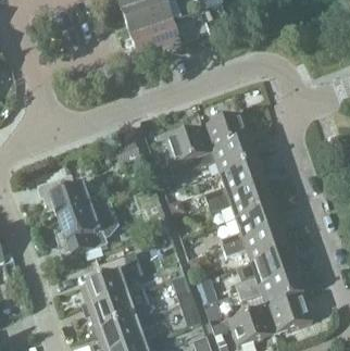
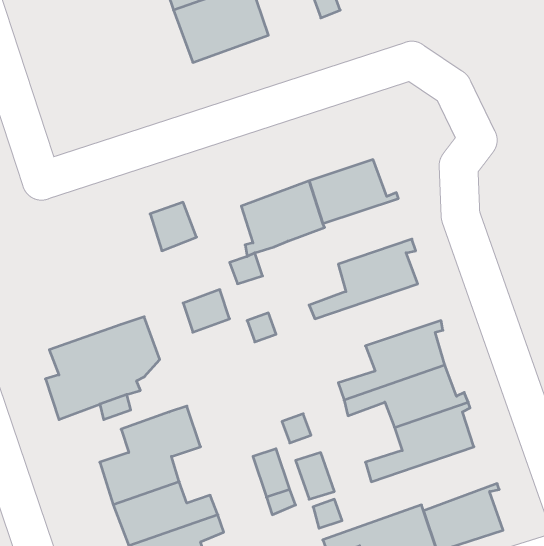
building: [187,135,264,172] -> none
building: [41,174,101,220] -> none
building: [210,183,280,217] -> none
building: [241,274,312,310] -> none

